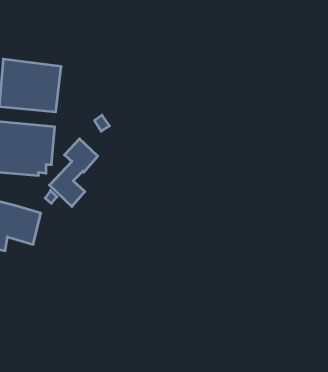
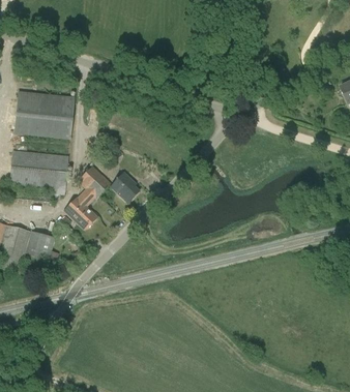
building: none -> [110,171,139,202]

